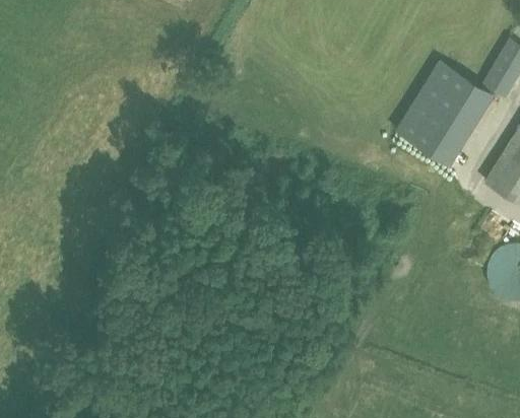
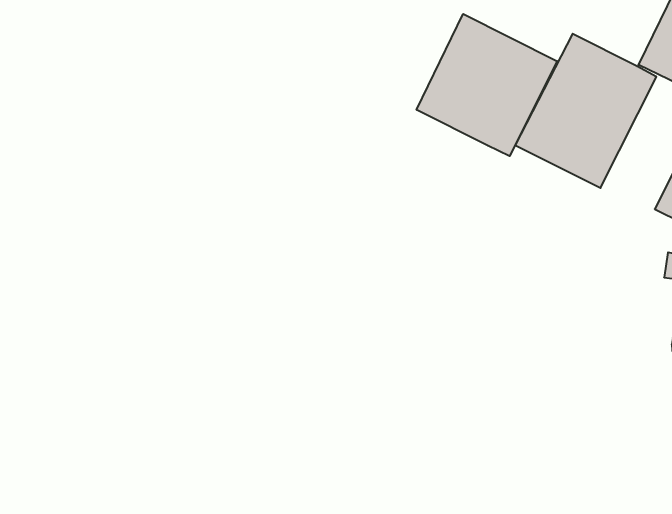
building: none -> [417,14,557,156]

